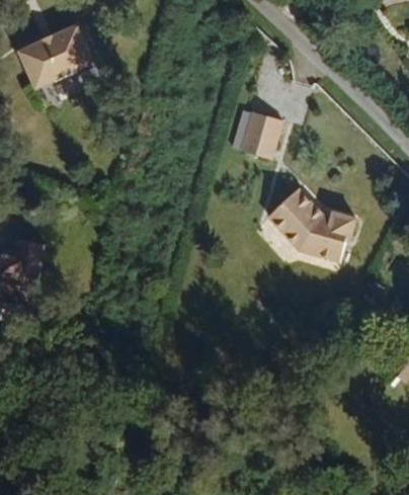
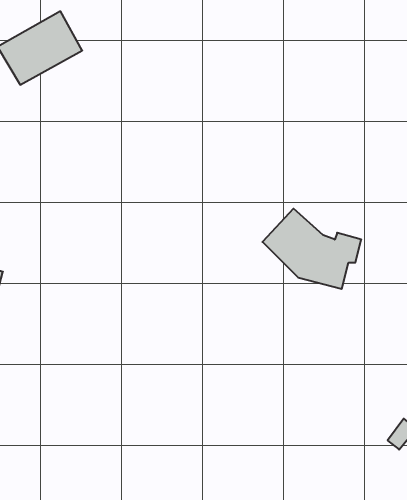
building: [238,111,278,158] -> none

